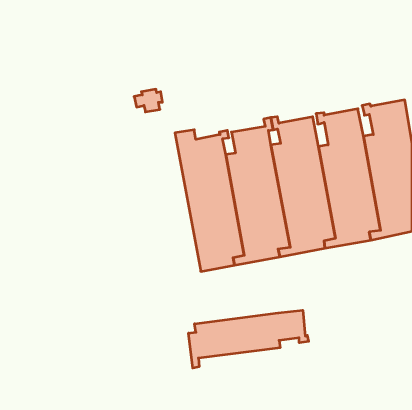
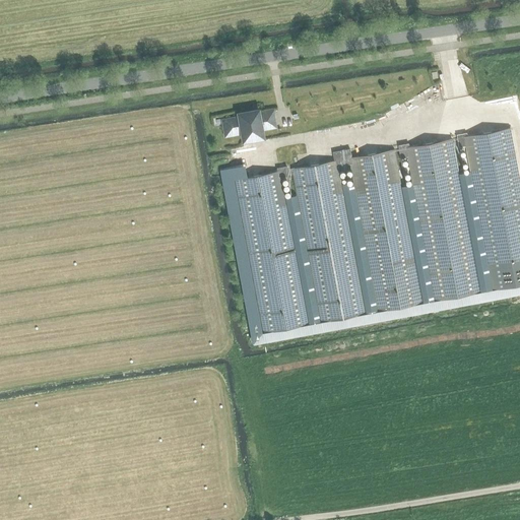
building: [134,89,162,112] -> [230,110,265,138]
building: [189,310,309,368] -> none

